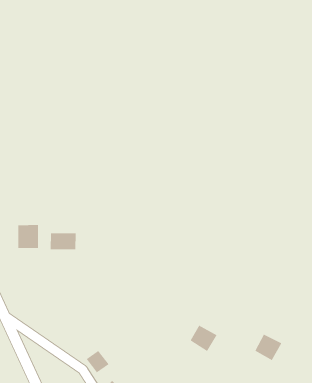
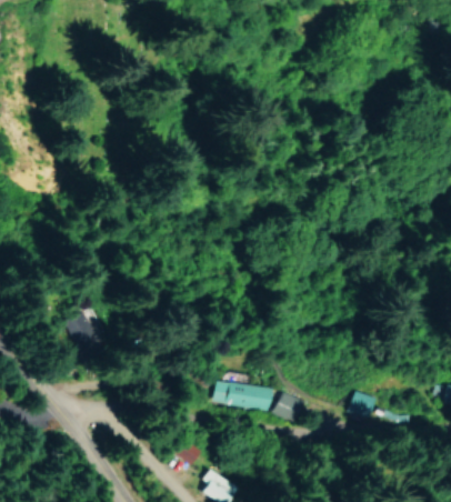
building: [50,232,76,250] -> none
building: none -> [222,380,280,410]

